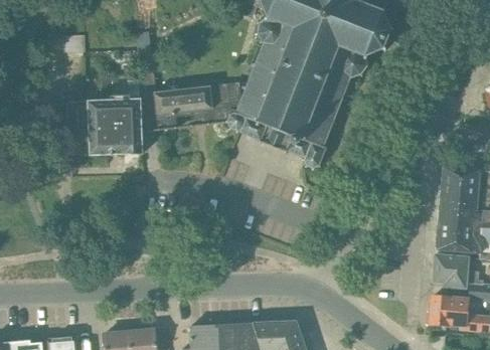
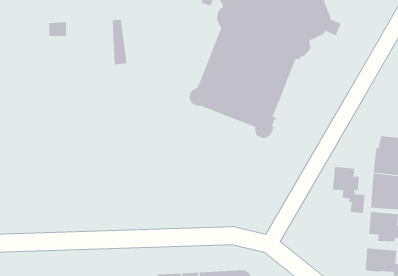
building: [150,82,239,130] -> none
building: [67,99,142,155] -> none
building: none -> [333,166,365,214]

